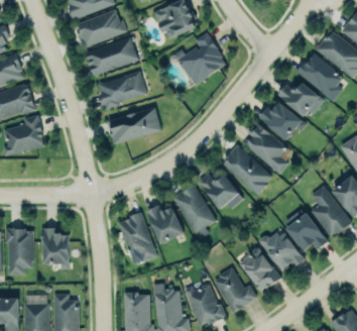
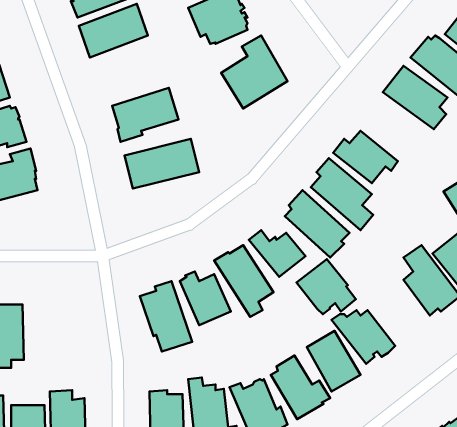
building: [85,38,137,75] -> none
building: [277,84,324,117] -> none
building: [285,212,329,252] -> [297,259,356,314]
building: [41,228,69,269] -> none

